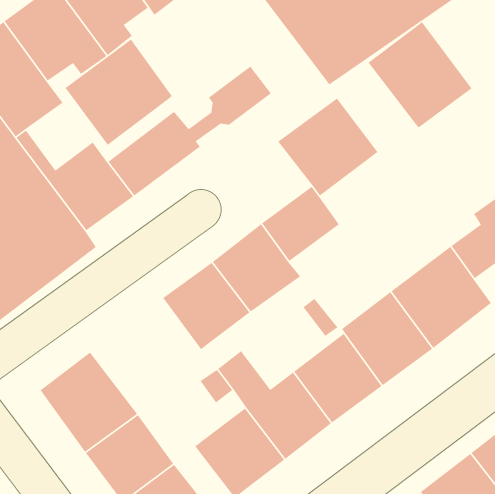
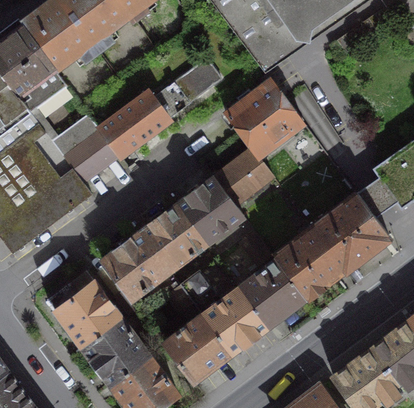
building: [368,21,473,128] -> none
building: [64,39,173,146] -> none
building: none -> [102,231,169,298]

